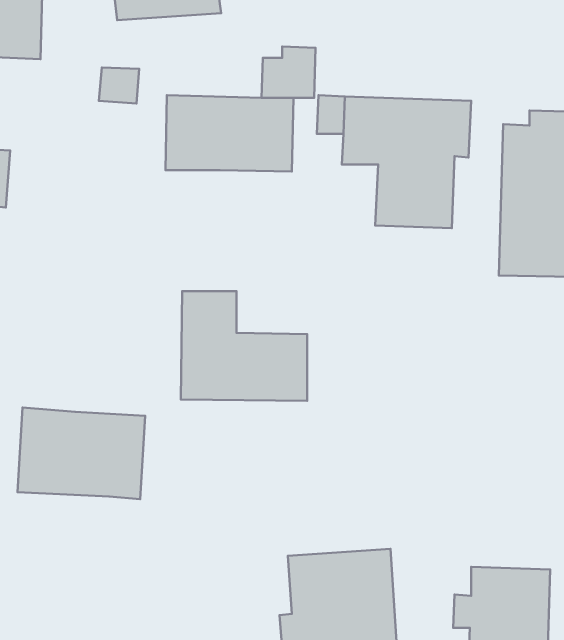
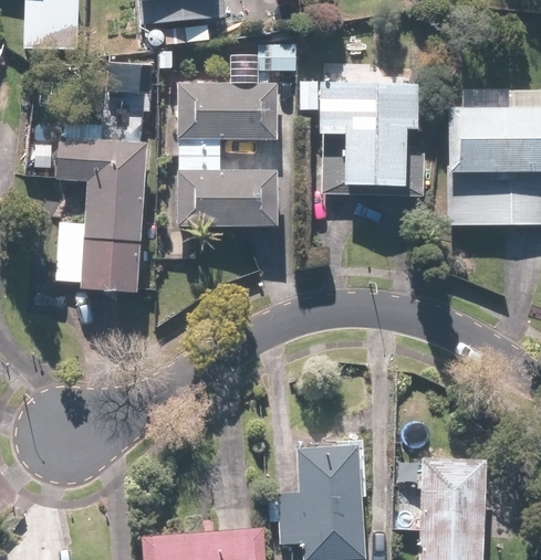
building: none -> [55,123,148,292]
building: [181,291,307,401] -> [177,140,278,228]
building: [18,408,145,499] -> none

